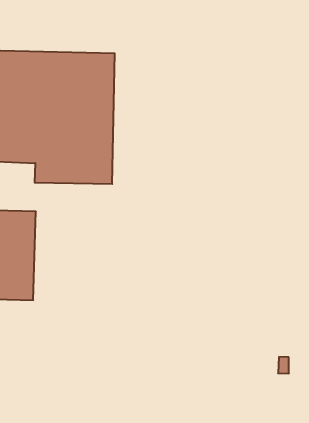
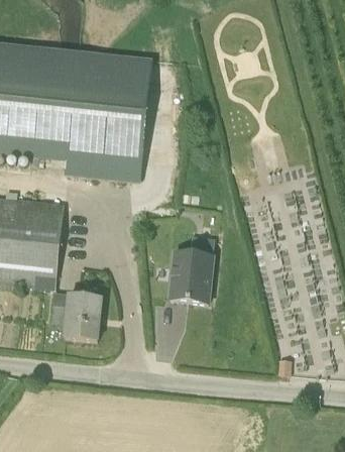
building: none -> [169,250,213,302]
building: none -> [51,291,101,338]

